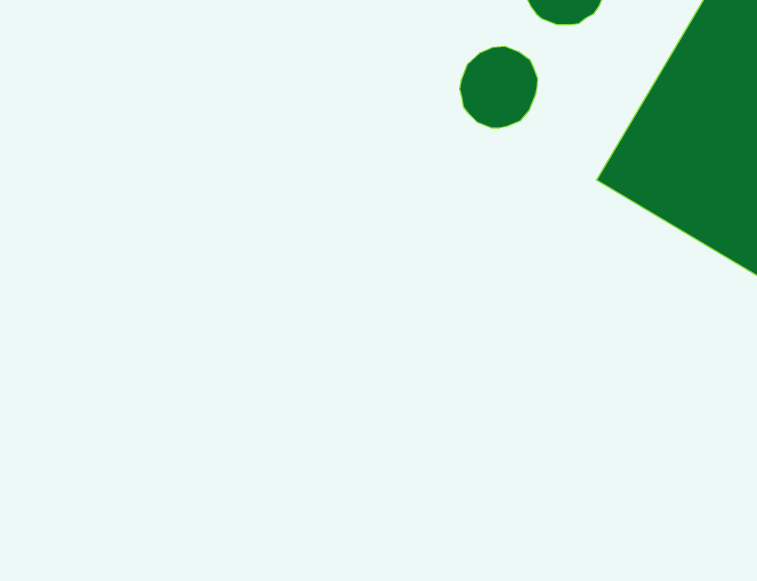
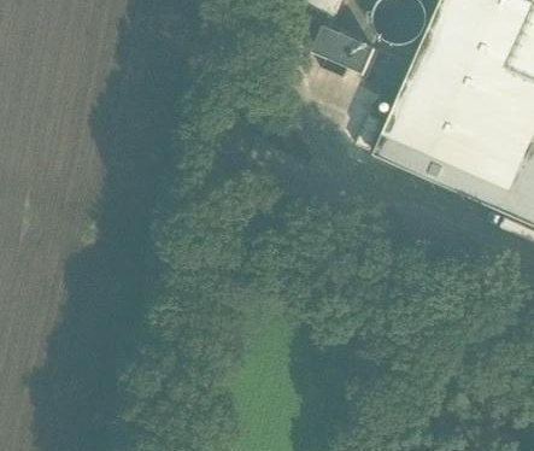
building: [460,46,538,128] -> none

